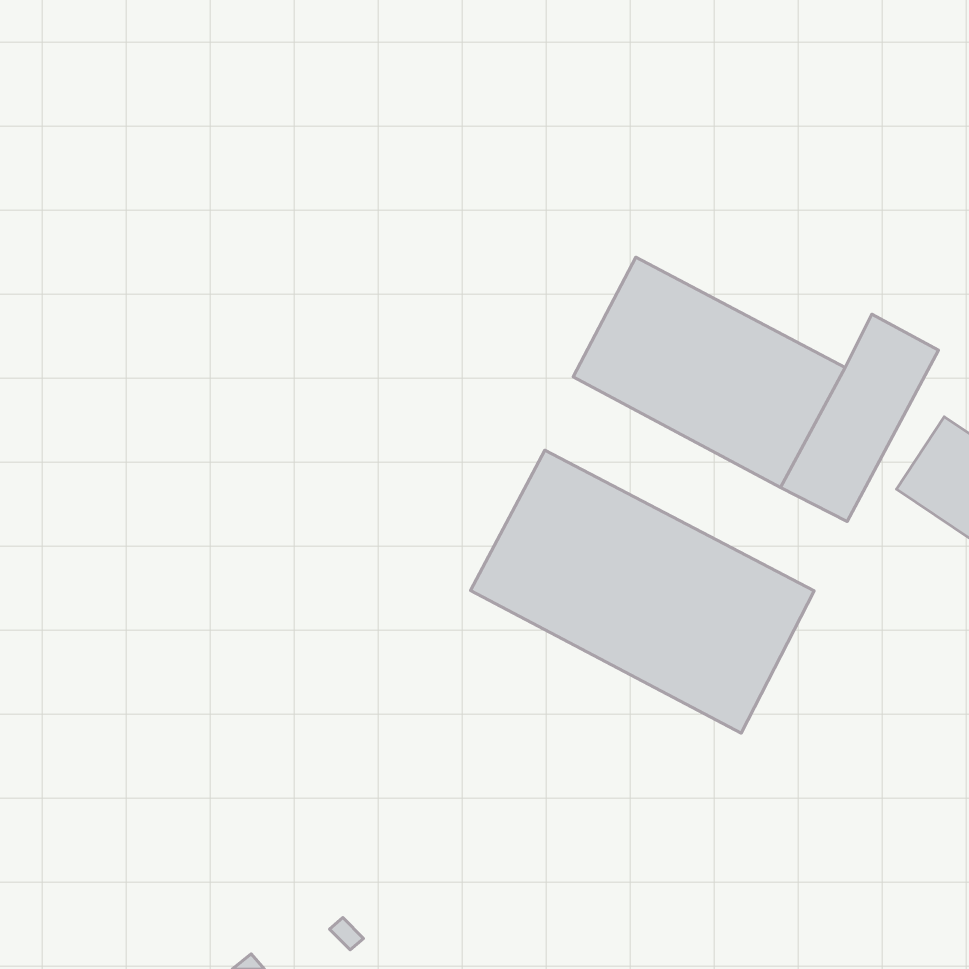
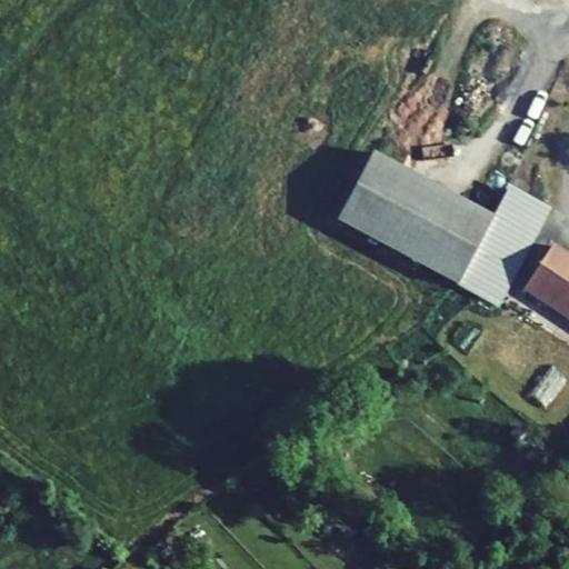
building: [470,450,814,733] -> none

